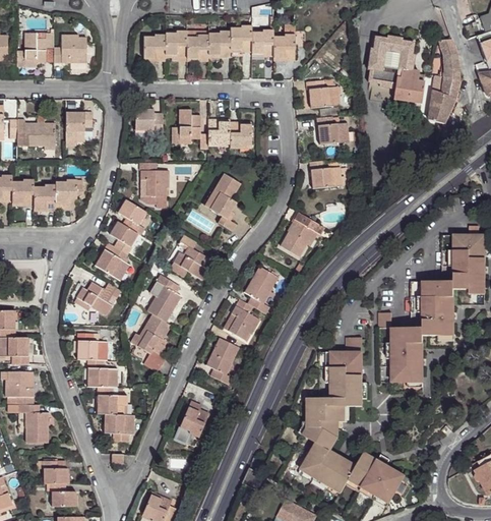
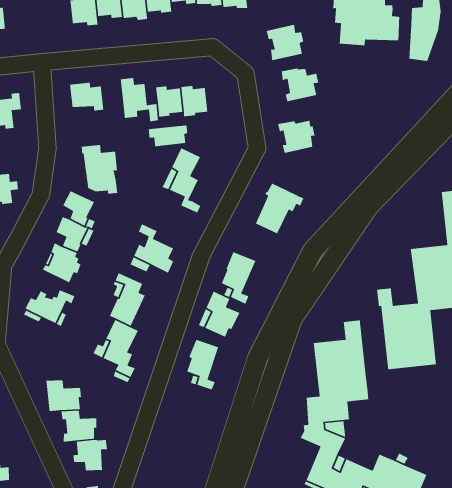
building: none -> [148,124,188,147]
building: [77,333,108,360] -> none
building: [175,400,209,443] -> none

